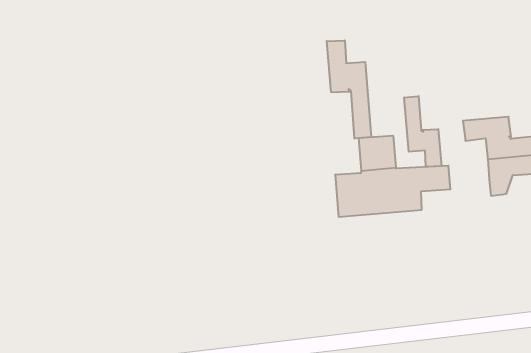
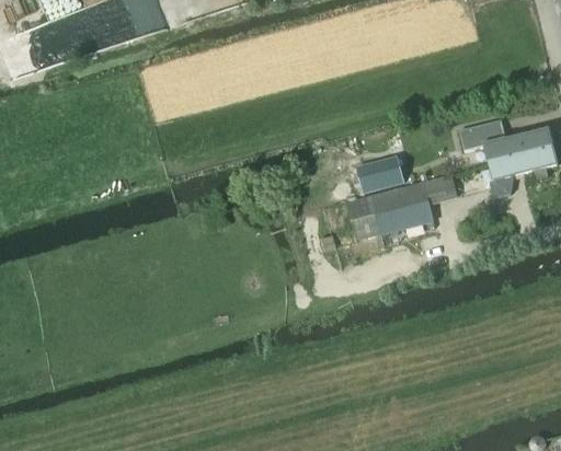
building: [327,40,371,139] -> none
building: [404,96,442,167] -> none

